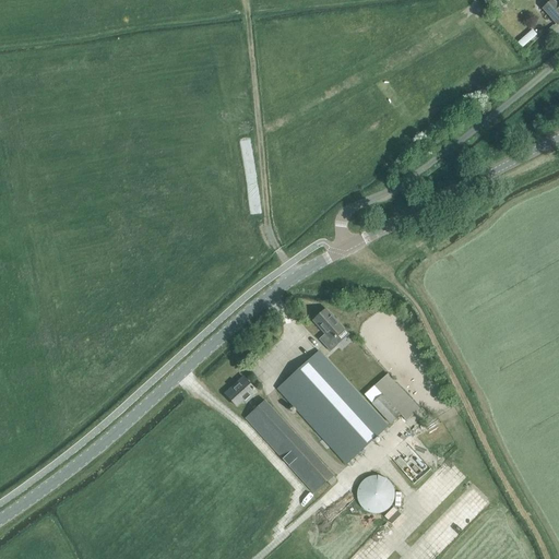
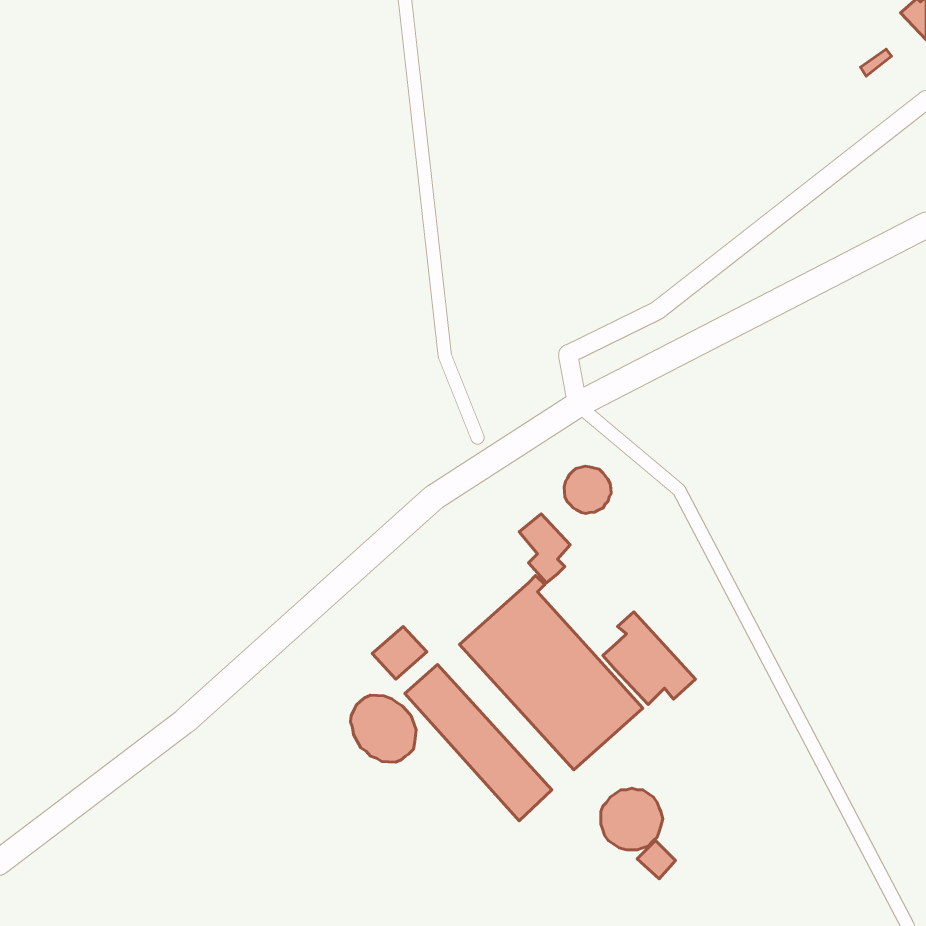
building: none -> [564,466,611,513]
building: none -> [350,695,416,762]

